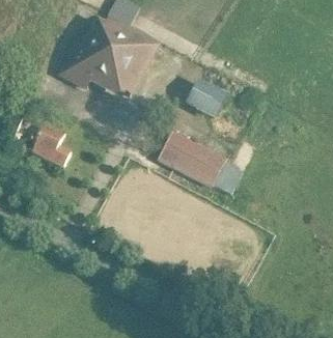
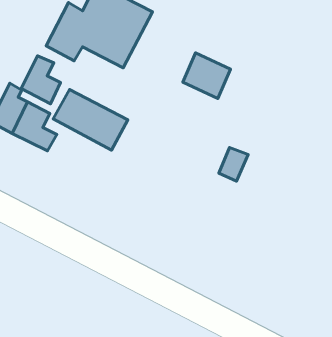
building: none -> [21,56,61,104]
building: [158,132,224,186] -> [53,90,128,150]

